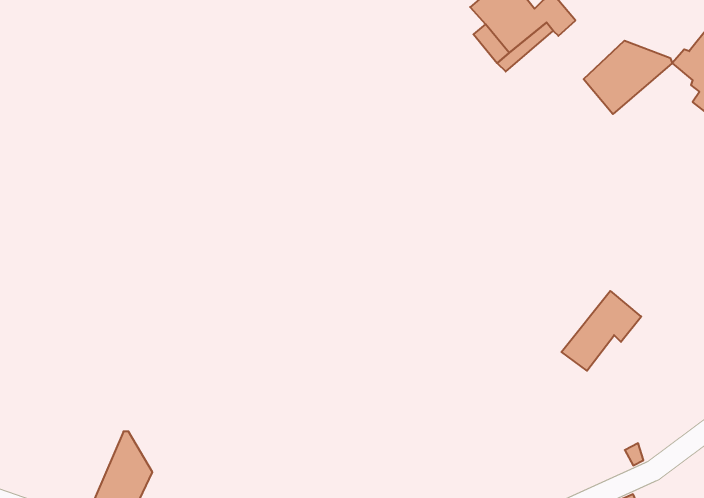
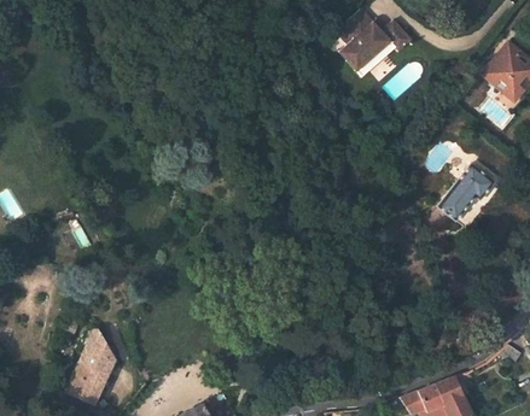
building: [584,41,672,114] -> none
building: [561,291,641,371] -> [438,163,495,219]

